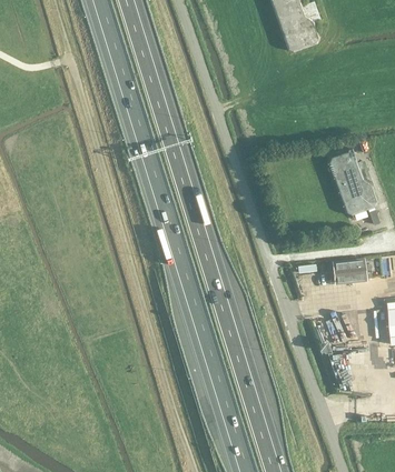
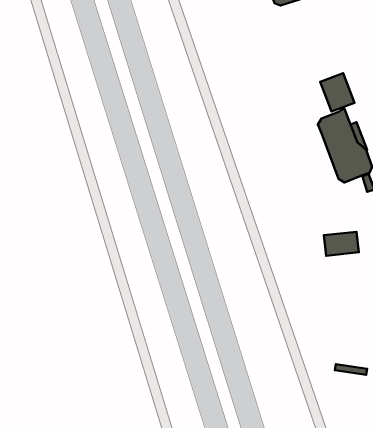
building: none -> [320,73,355,112]

